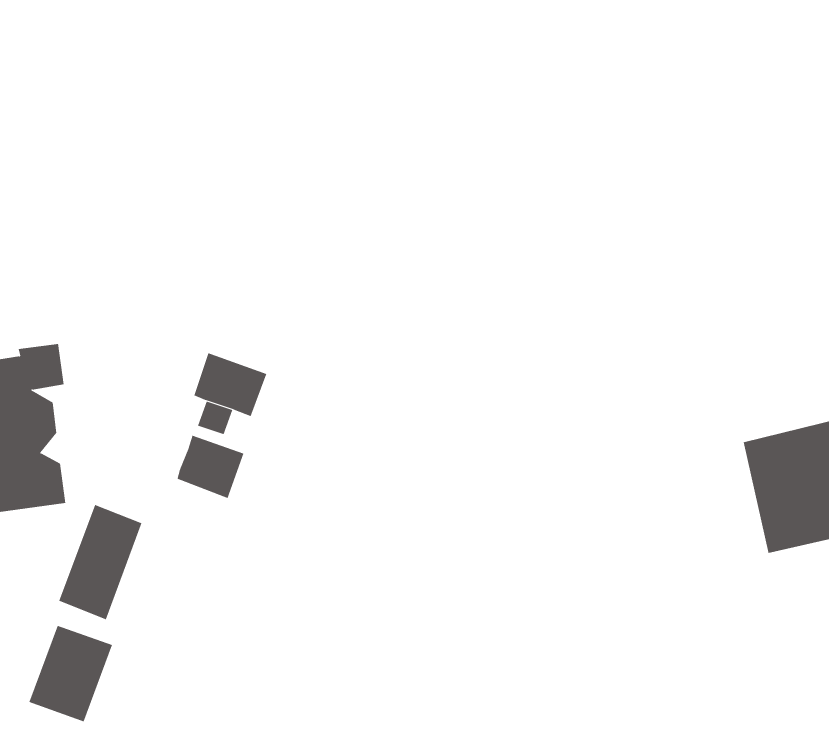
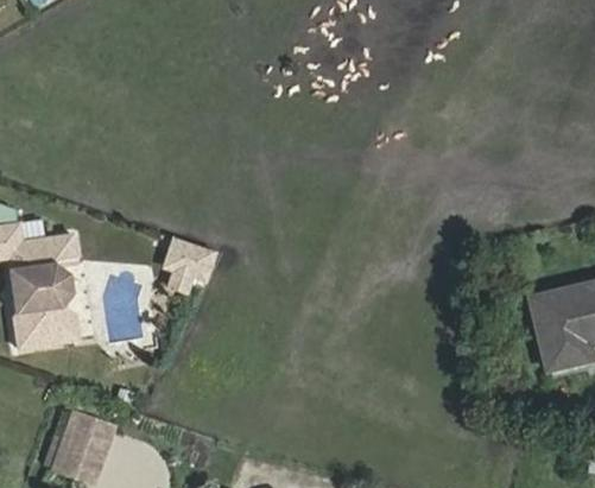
building: [177,435,244,499] -> none
building: [59,504,142,620] -> none

